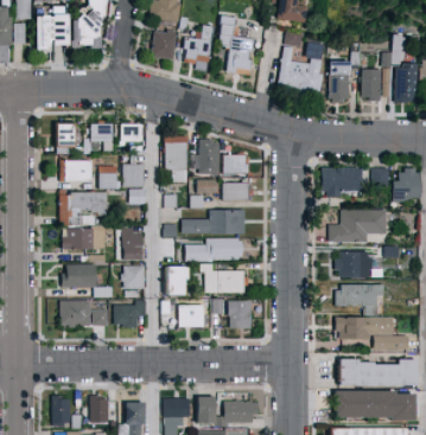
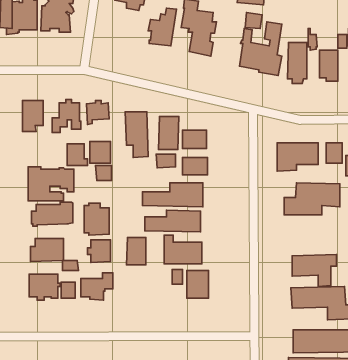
building: [154,30,180,60] -> none
building: [63,161,95,183] -> none
building: [335,250,370,276] -> none
building: [177,303,202,326] -> none

